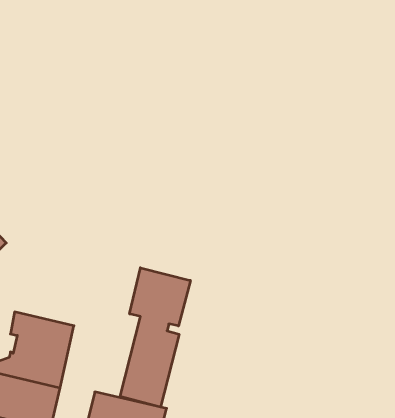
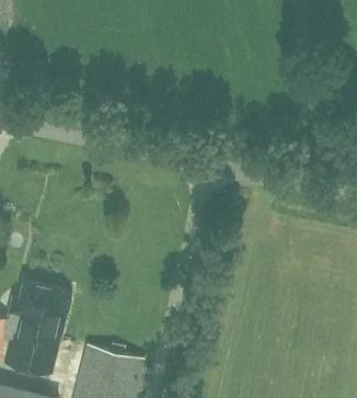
building: [120,268,190,407] -> none

